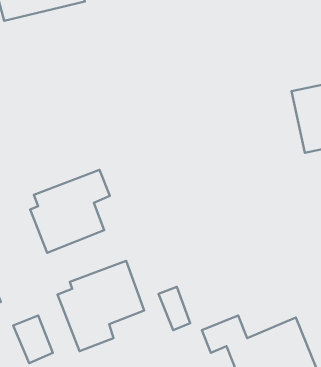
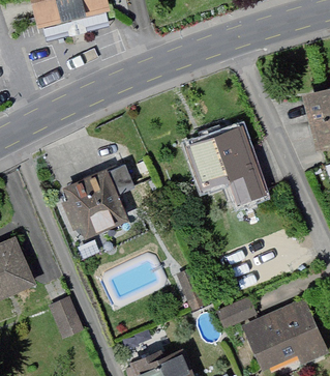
building: none -> [187,125,267,204]
building: [57,261,144,351] -> none

